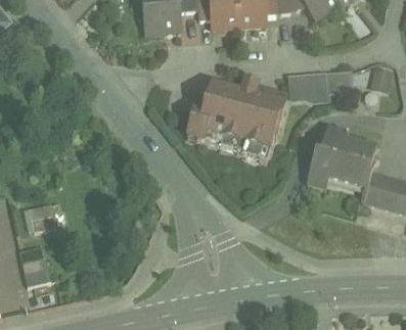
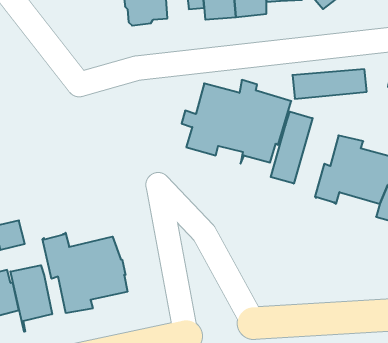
building: none -> [271,112,313,184]
building: none -> [43,233,127,313]
building: none -> [10,265,52,332]

